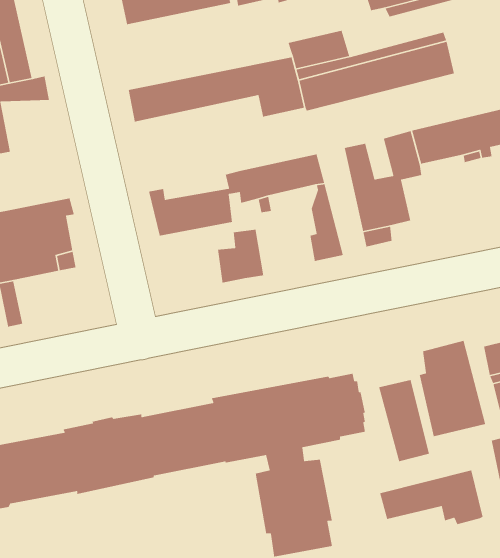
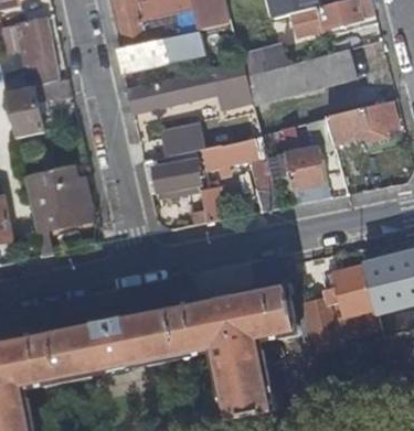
building: none -> [117,31,204,69]
building: none -> [157,119,203,154]
building: [379,470,483,525] -> none

